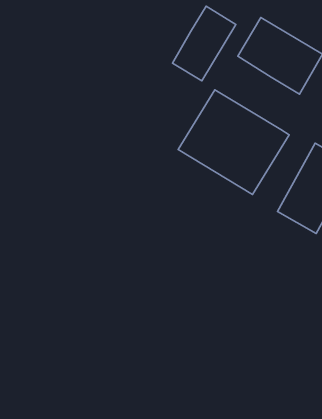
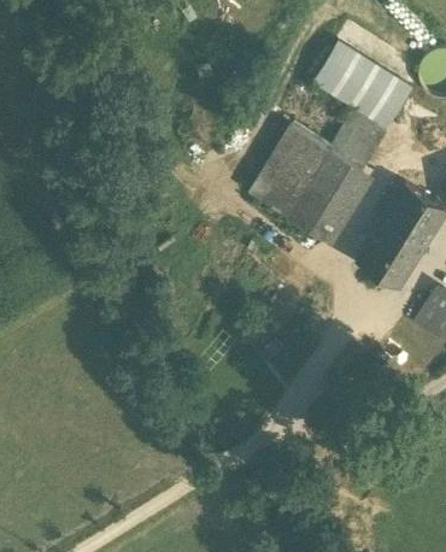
building: [172,6,236,81] -> none
building: none -> [330,111,386,171]

